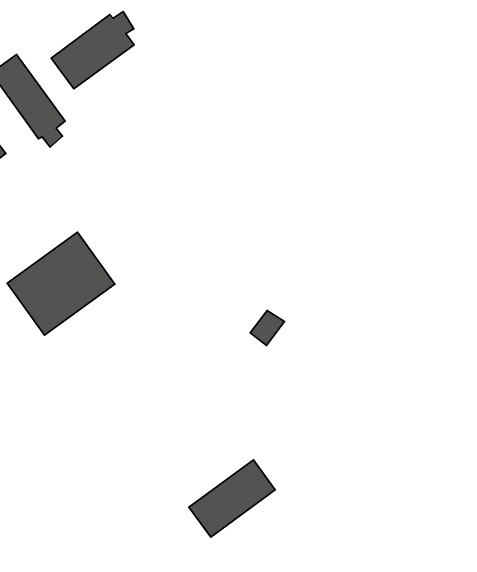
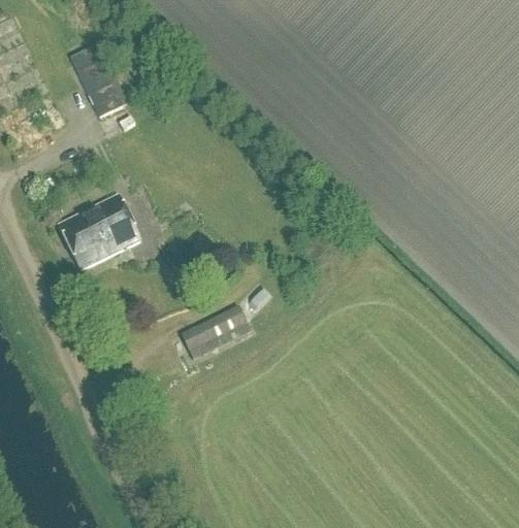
building: [51,12,134,89] -> none
building: [189,460,275,537] -> [181,303,252,359]

